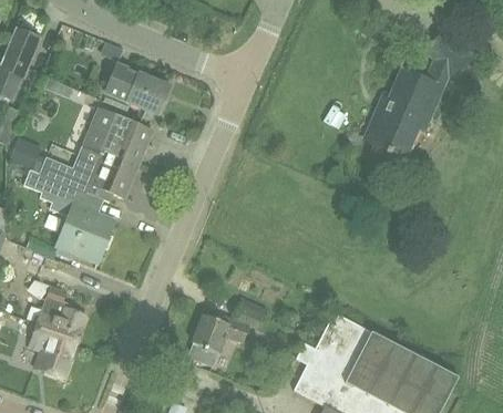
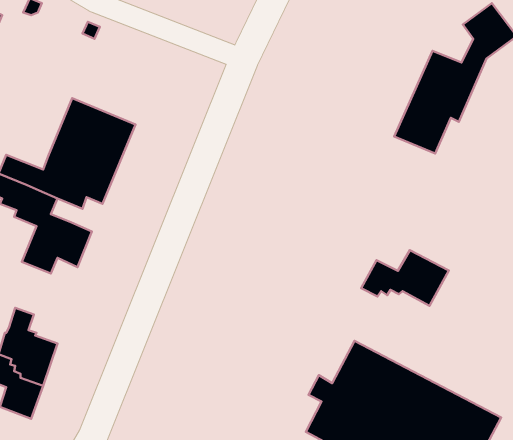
building: [105,65,170,114] -> none
building: none -> [361,250,449,306]
building: [188,304,265,366] -> none

